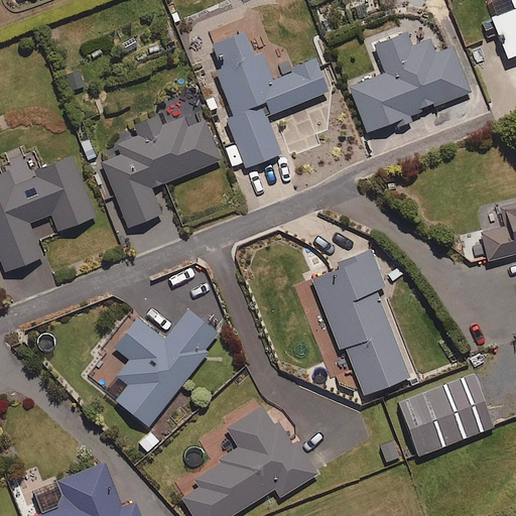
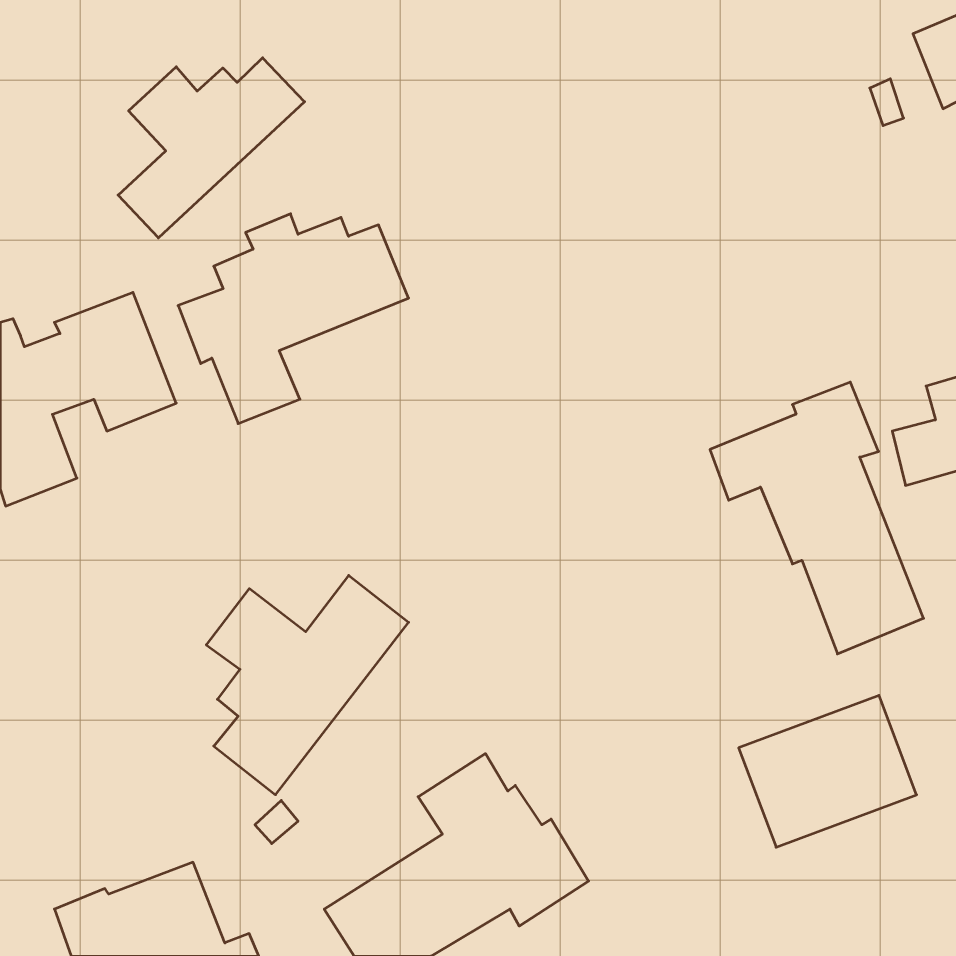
building: [351,30,471,132] -> none
building: none -> [118,58,305,238]
building: [212,32,328,172] -> none
building: [295,250,410,396] -> [710,382,924,654]

